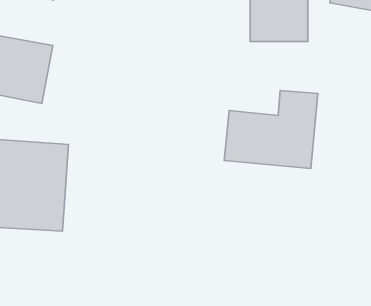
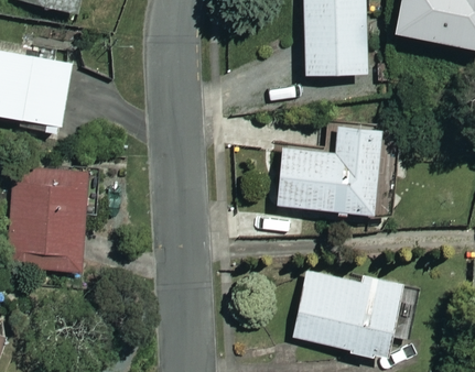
building: none -> [291,269,421,354]

